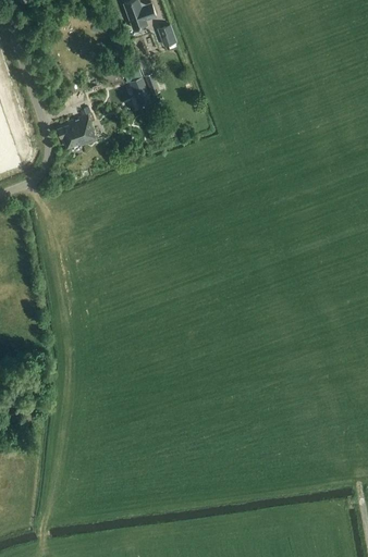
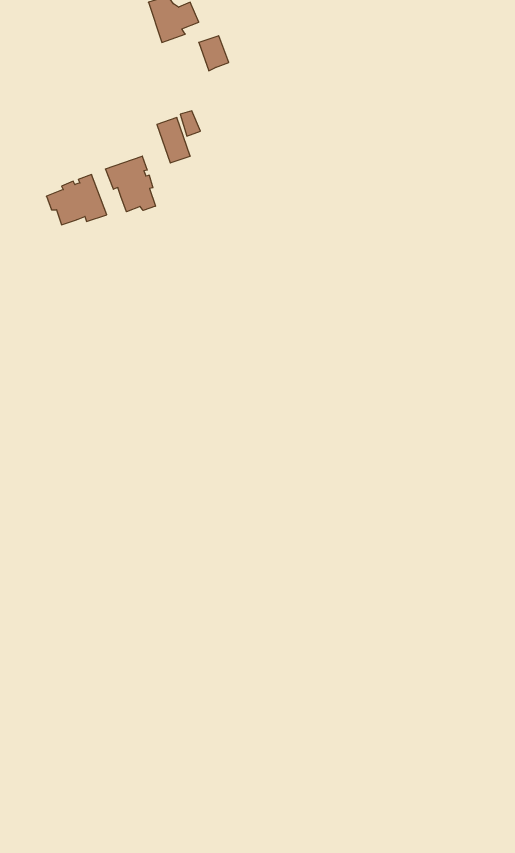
building: none -> [106,156,155,212]

